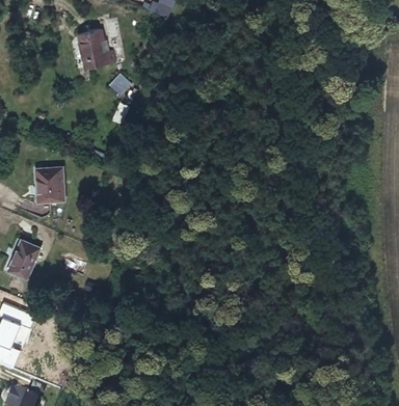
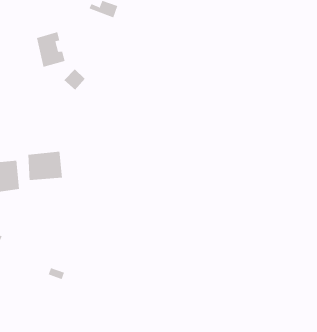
building: none -> [28,151,63,181]

